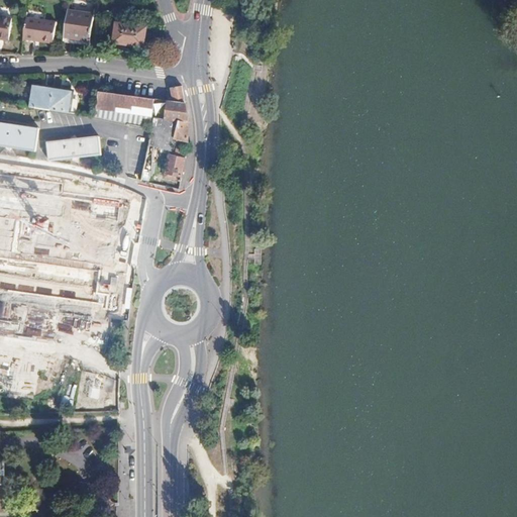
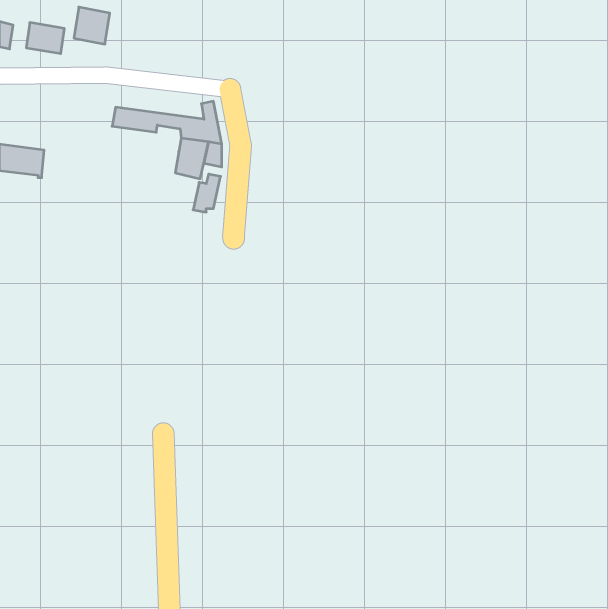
building: [111,22,145,47] -> none
building: [27,85,72,113] -> none
building: [45,136,100,162] -> none

